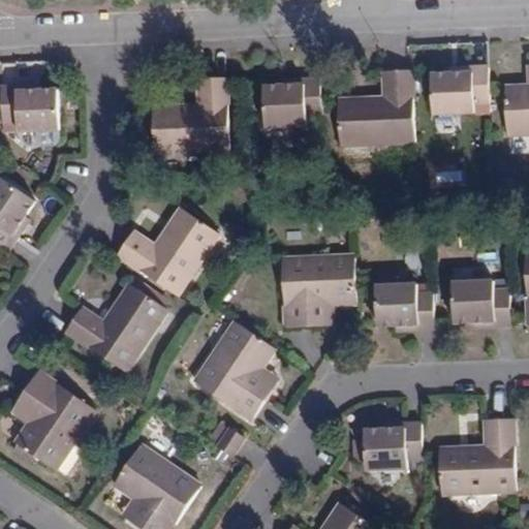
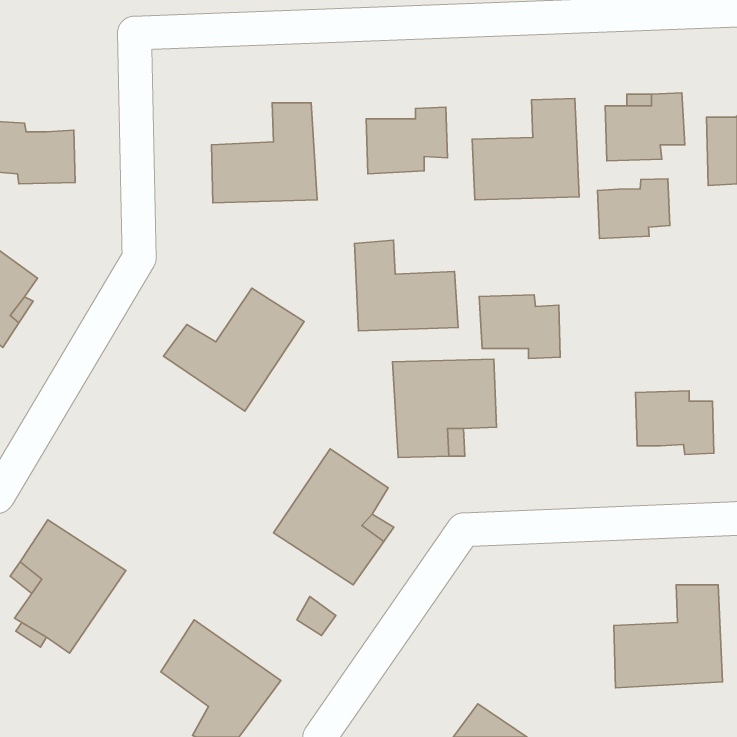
building: none -> [597,179,670,239]
building: none -> [355,240,458,331]
building: [374,282,432,328] -> [479,295,560,359]
building: [64,284,166,372] -> none
building: [366,418,423,468] -> none

